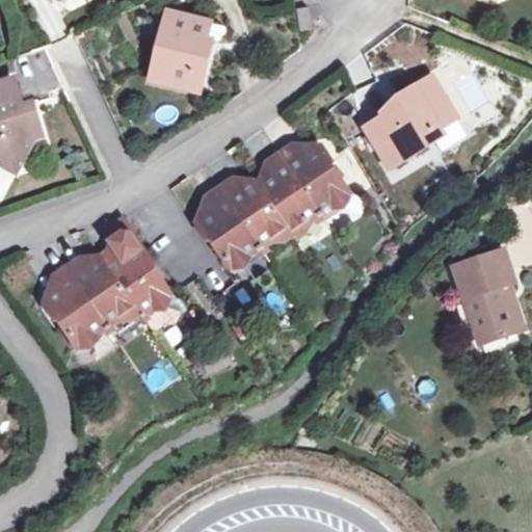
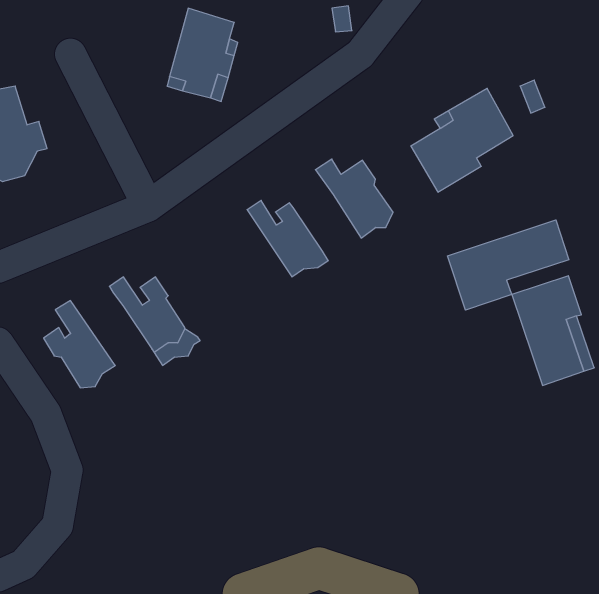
building: [259,150,319,231] -> none
building: [196,185,258,263] -> none
building: none -> [447,220,569,310]
building: [62,256,134,322] -> none

